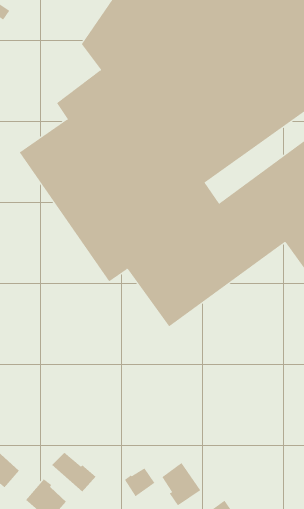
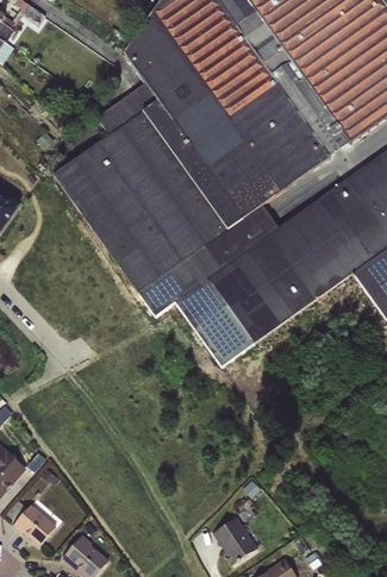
building: [51,452,96,493] -> none
building: [124,468,155,497] -> none

